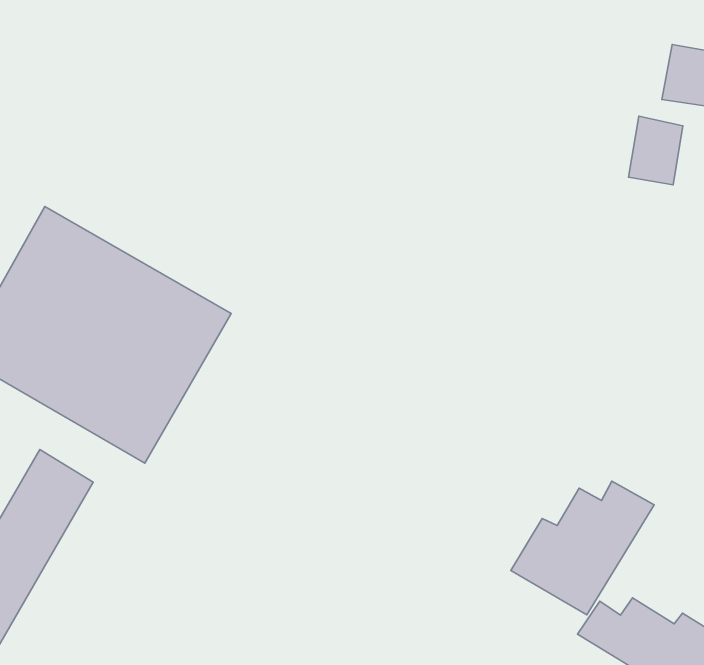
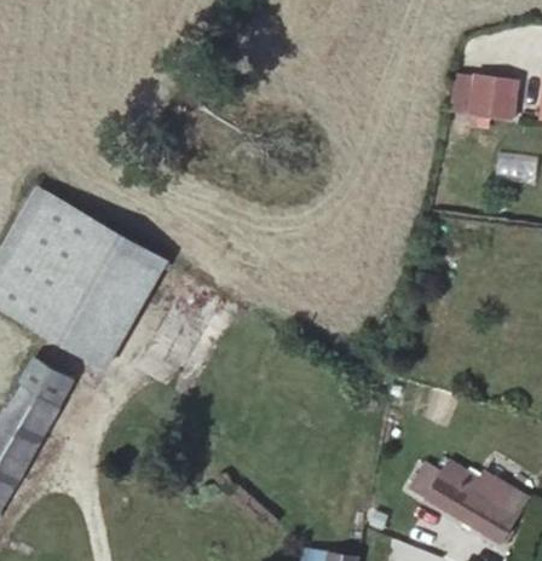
building: [629,116,683,185] -> none
building: [511,481,654,615] -> none

